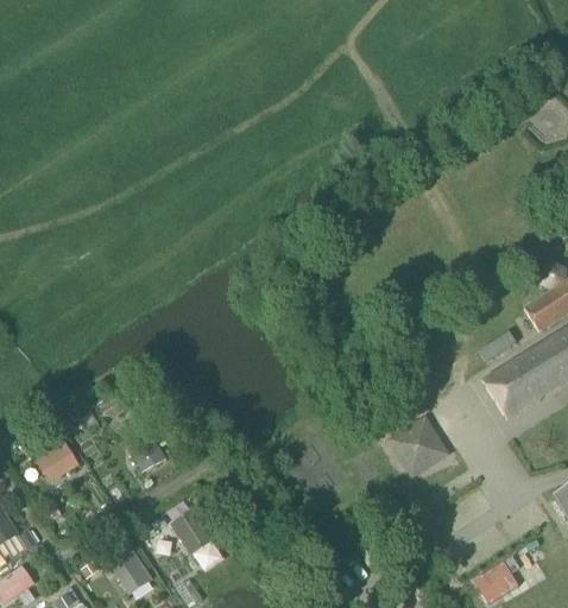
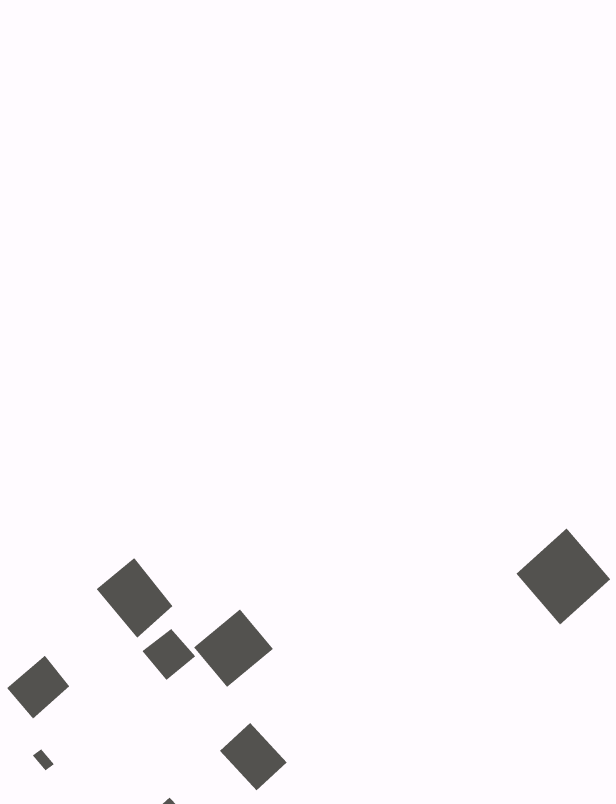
building: none -> [96,557,173,639]
building: none -> [193,609,274,688]

